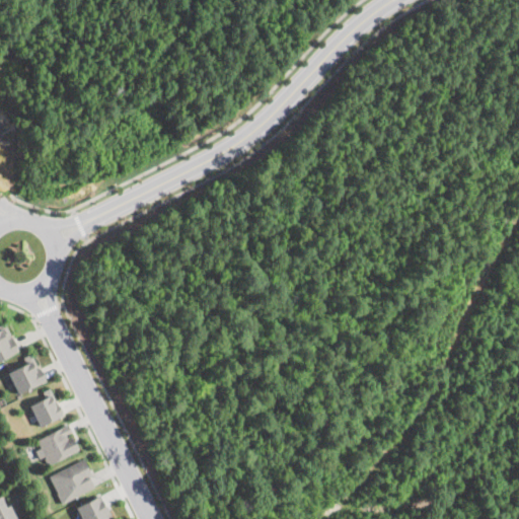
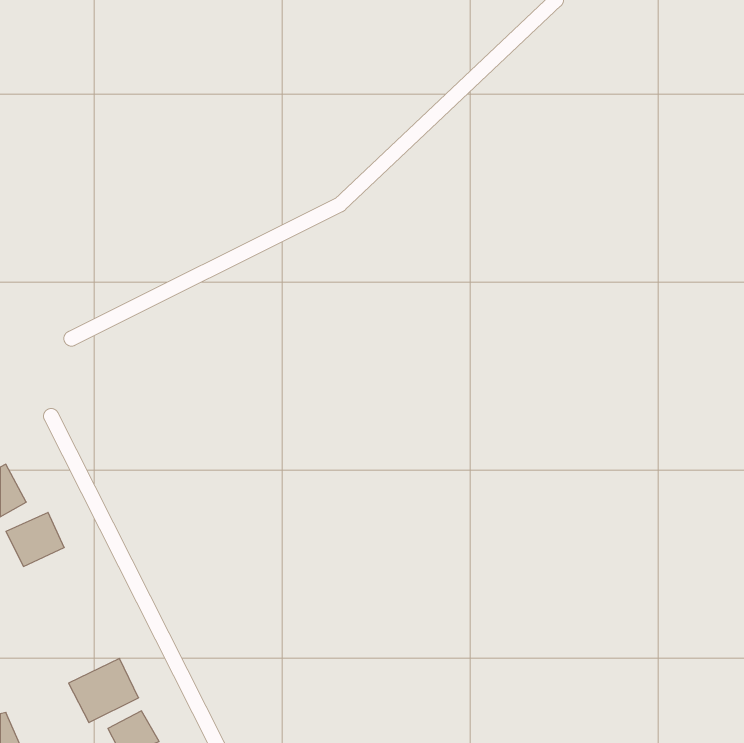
building: [26,390,64,428] -> none
building: [34,425,79,466] -> none

